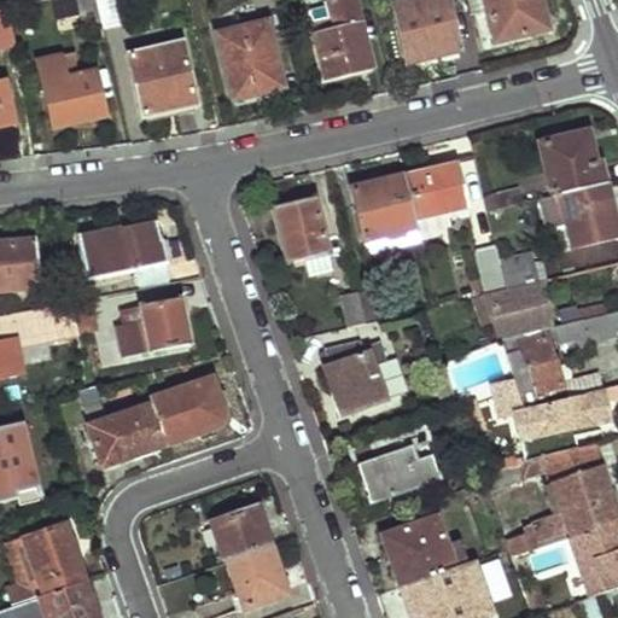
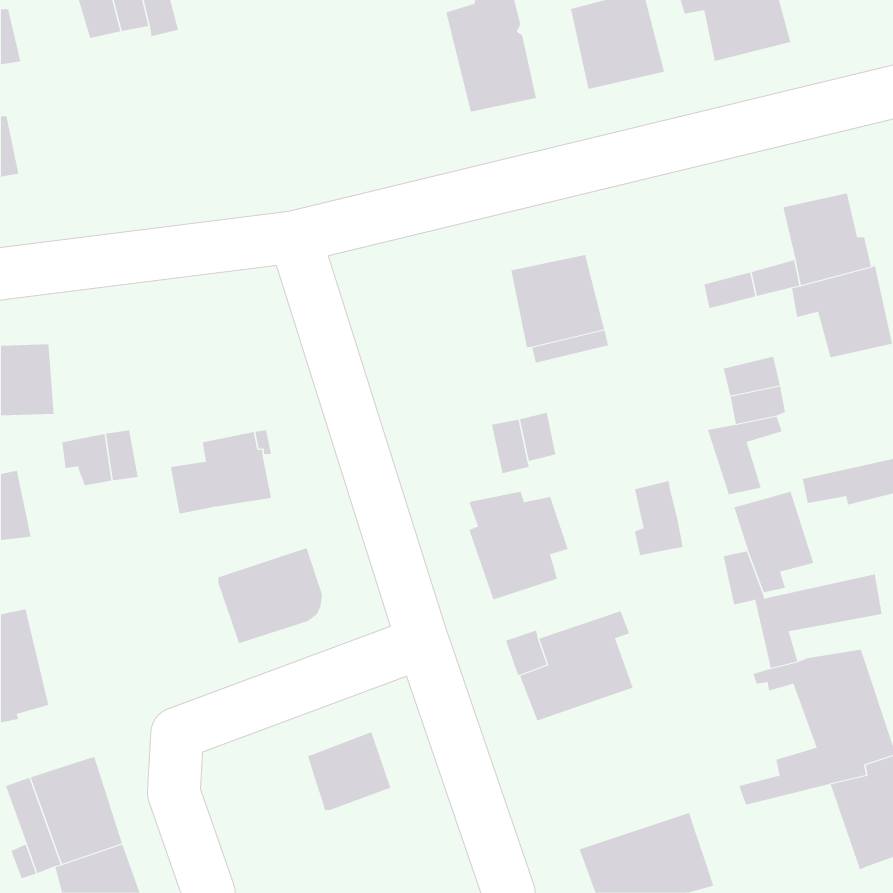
building: [216,21,285,99] -> none
building: [129,42,198,115] -> none
building: [40,64,105,126] -> none
building: [406,163,467,218] -> none
building: [274,194,330,260] -> none
building: [80,223,167,280] -> none
building: [474,246,508,298] -> [634,480,683,556]
building: [92,401,167,464] -> none
building: [383,512,473,584] -> none
building: [229,542,288,604] -> none

